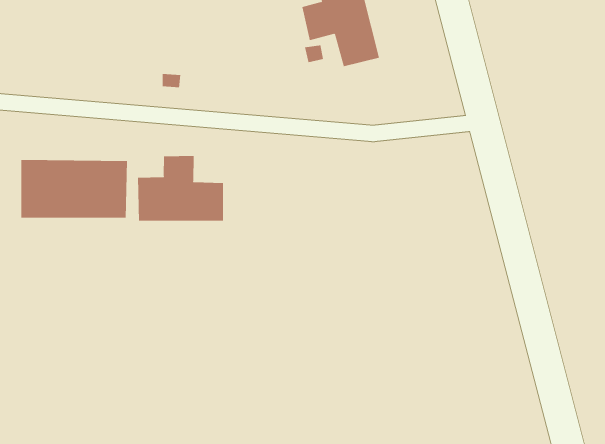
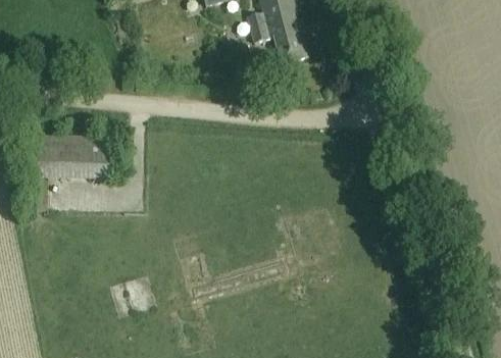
building: [137,155,223,221] -> none

